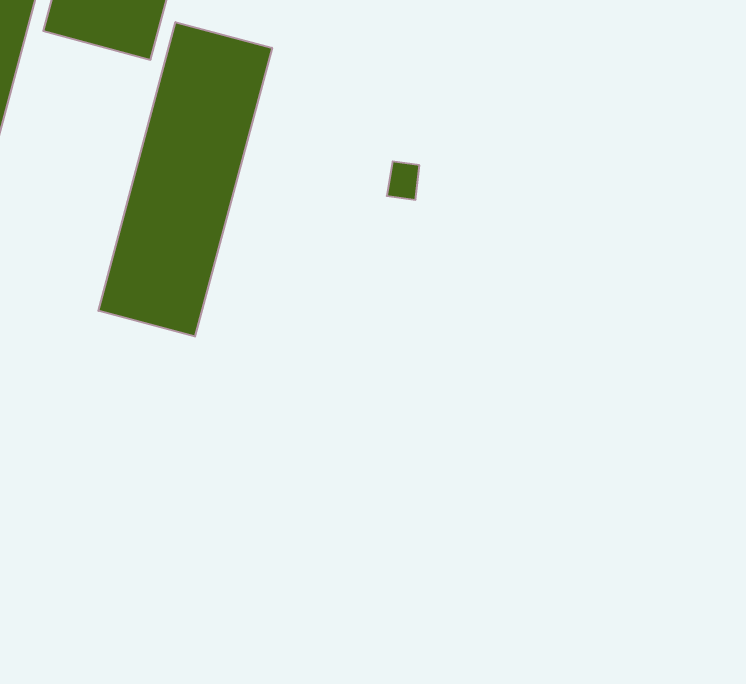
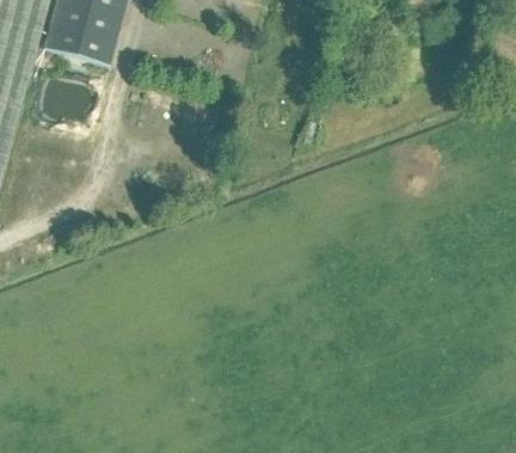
building: [98,22,272,337] -> none

